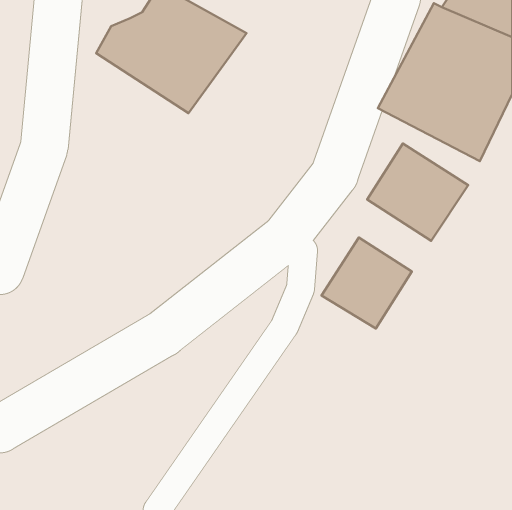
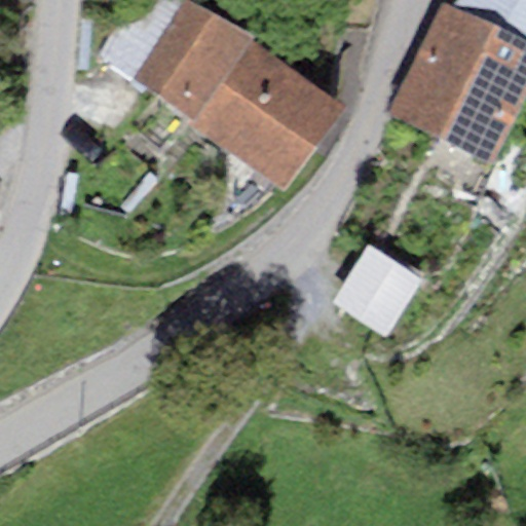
building: none -> [189,41,347,185]
building: [367,143,468,241] -> none

